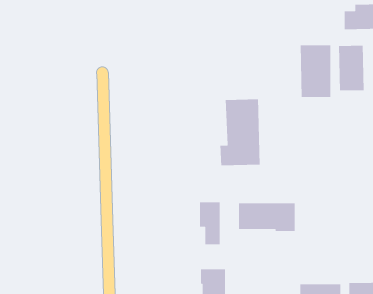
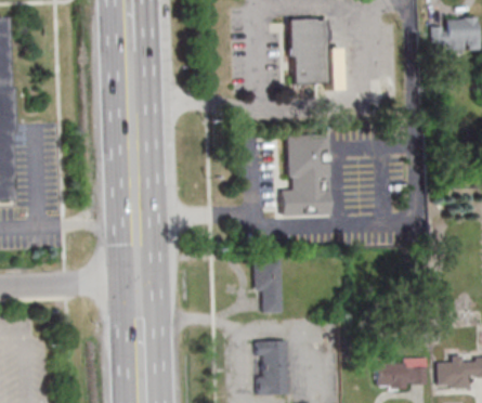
building: [300,45,331,98] -> [289,18,327,83]
building: [338,45,364,91] -> none
building: [238,202,295,232] -> none

